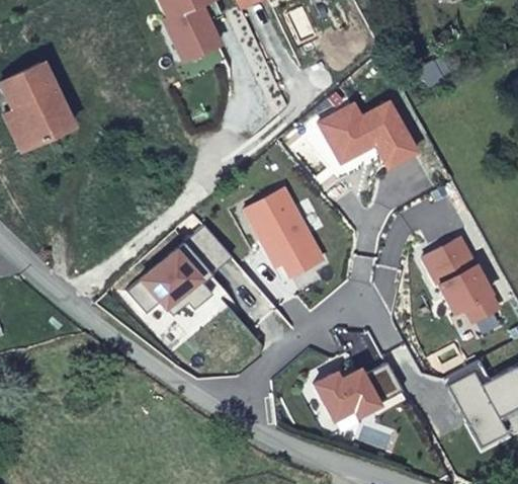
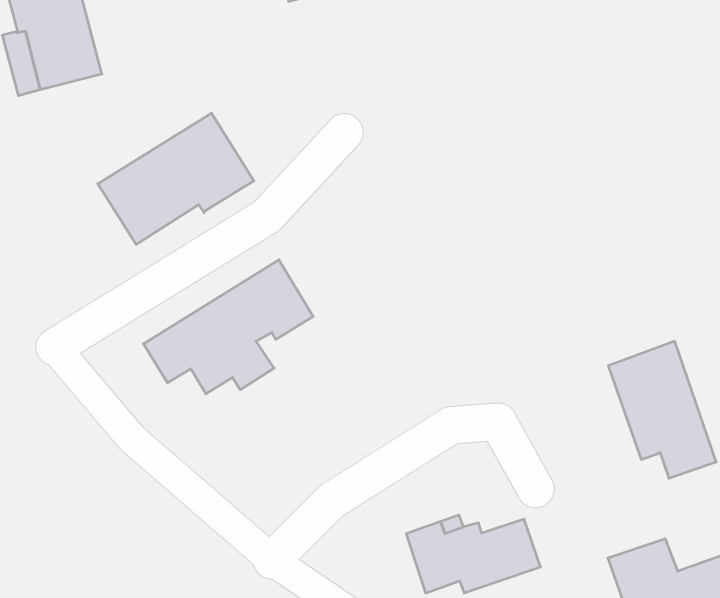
building: [319,103,416,169] -> none
building: none -> [98,113,254,244]
building: [245,189,322,277] -> none

